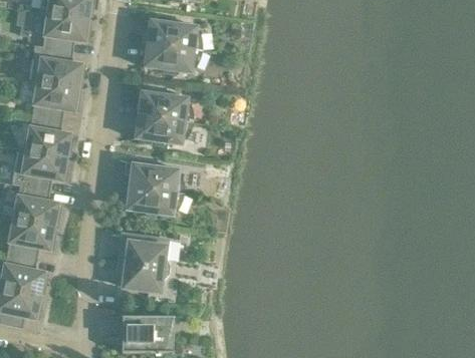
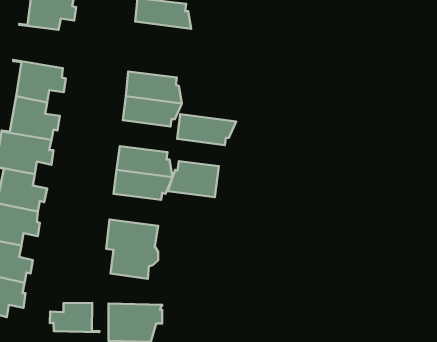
building: [144,42,201,72] -> [177,114,236,145]
building: [28,45,84,87] -> none
building: none -> [168,161,219,197]
building: none -> [50,303,99,332]

